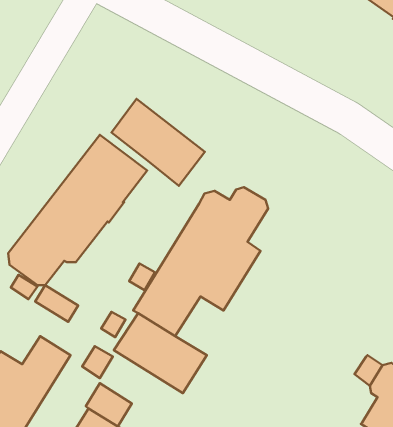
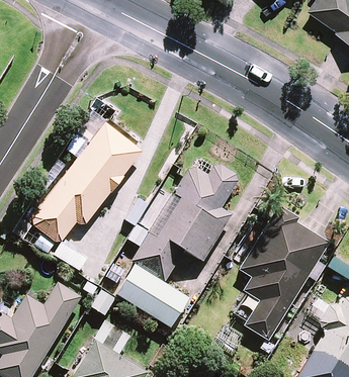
building: [111,99,205,186] -> none
building: none -> [239,206,329,342]

